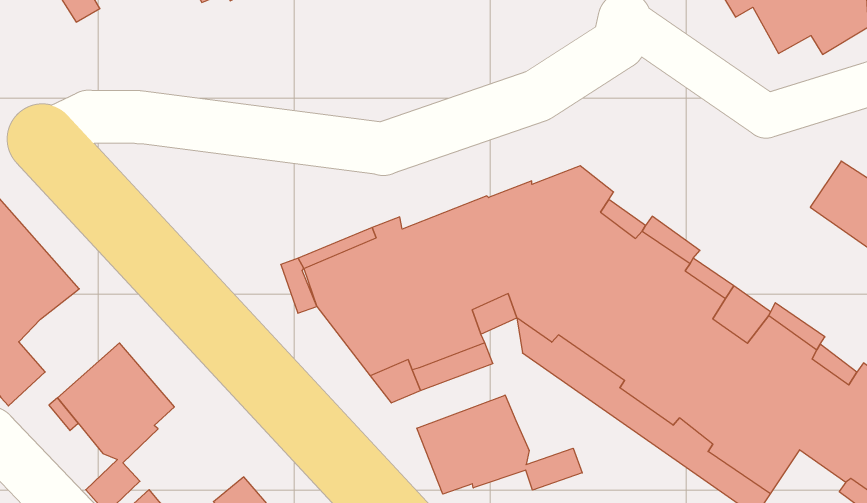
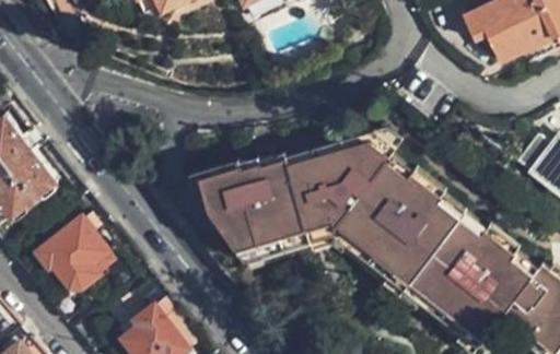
building: [417,395,582,494] -> none

